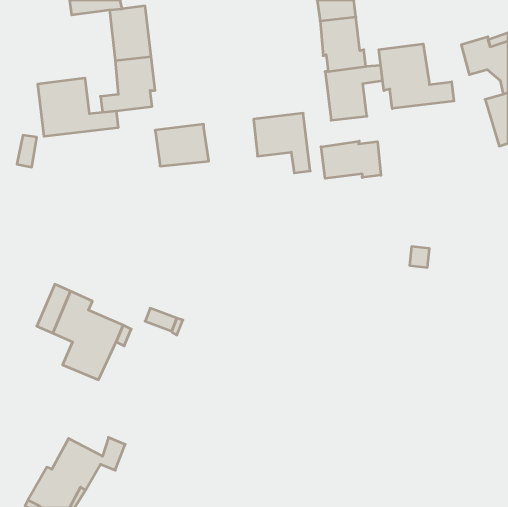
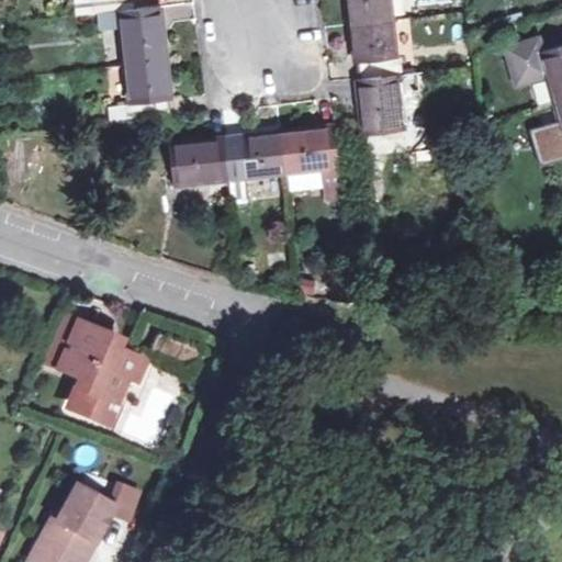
building: [379,44,454,109] -> none
building: [38,78,118,136] -> none
building: none -> [225,133,284,200]
building: [321,141,381,178] -> none

